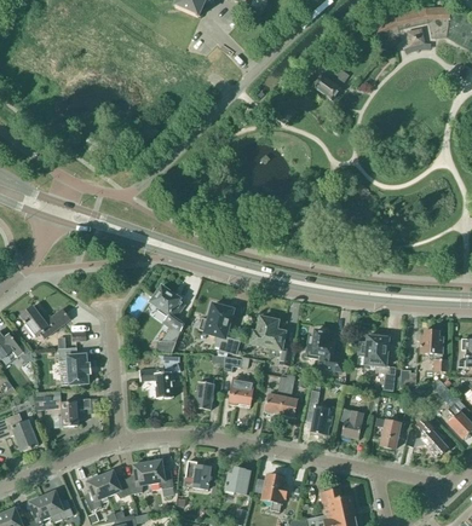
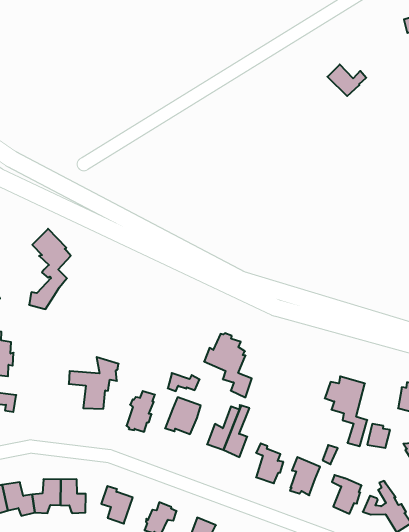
building: [150,285,184,353] -> [29,229,71,309]
building: [198,304,243,354] -> none
building: [306,328,338,370] -> none

